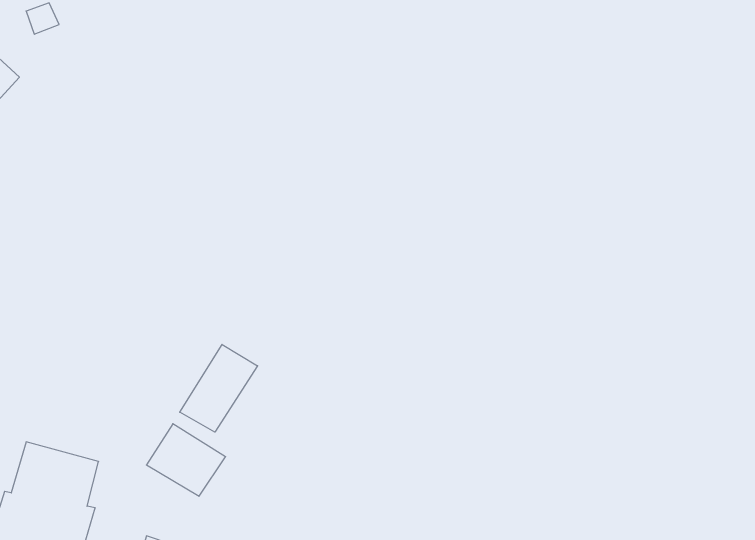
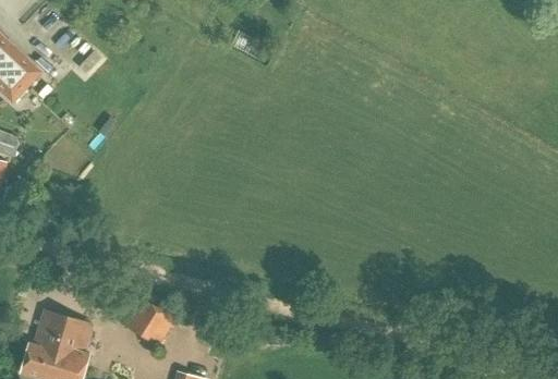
building: [180,344,258,432] -> none

